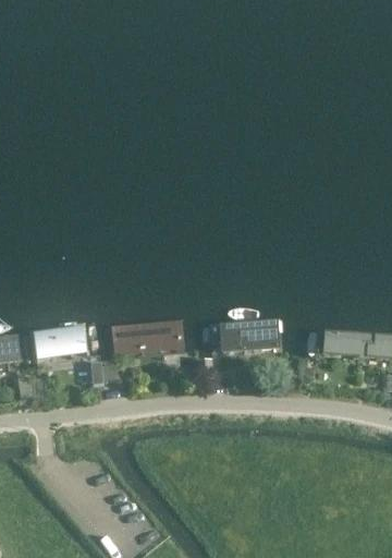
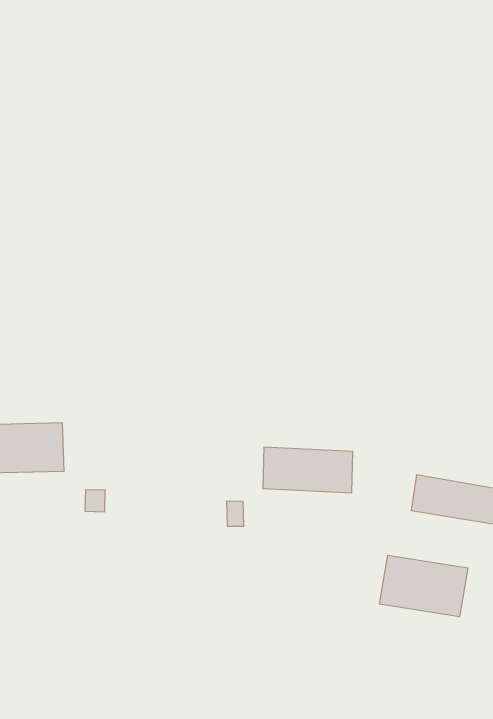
building: [114,317,186,353] -> none
building: none -> [380,555,468,617]

